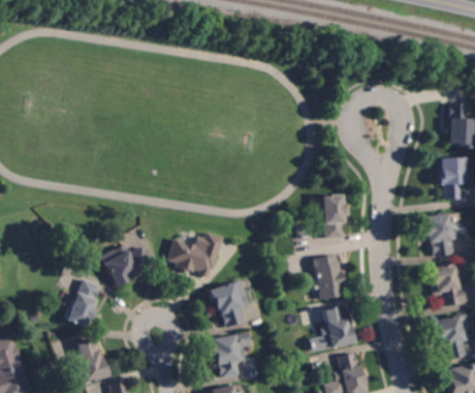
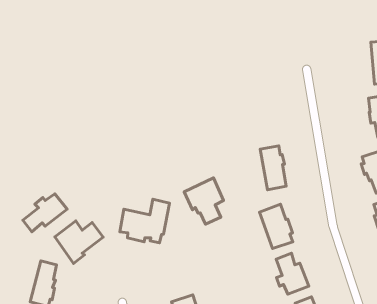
building: none -> [23,194,67,232]
building: [209,280,248,327] -> [184,178,224,224]

